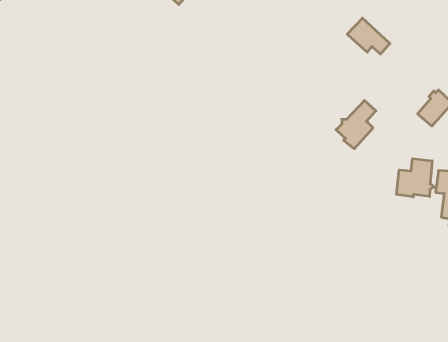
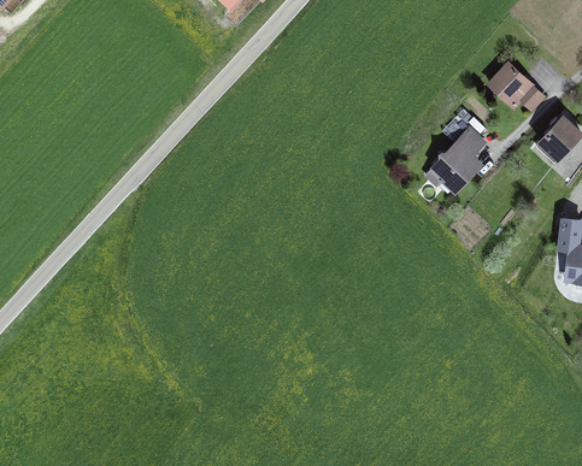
building: [347,18,390,54] -> [488,63,542,108]
building: [396,159,434,197] -> none

